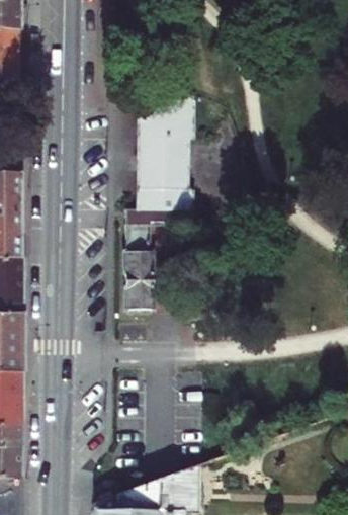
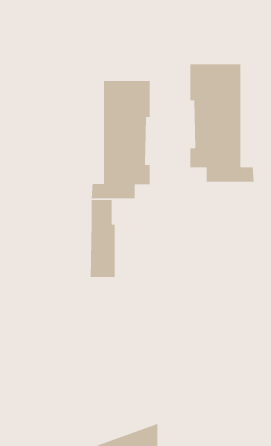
building: none -> [189,63,255,182]

